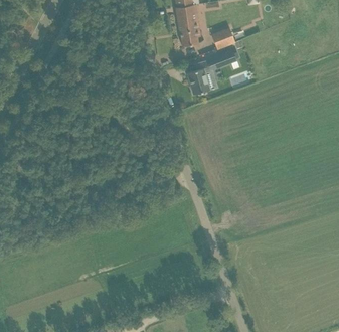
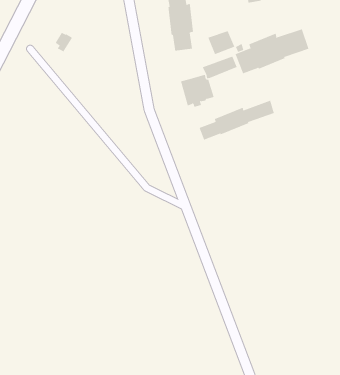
building: none -> [235,28,309,74]
building: none -> [199,100,275,141]

